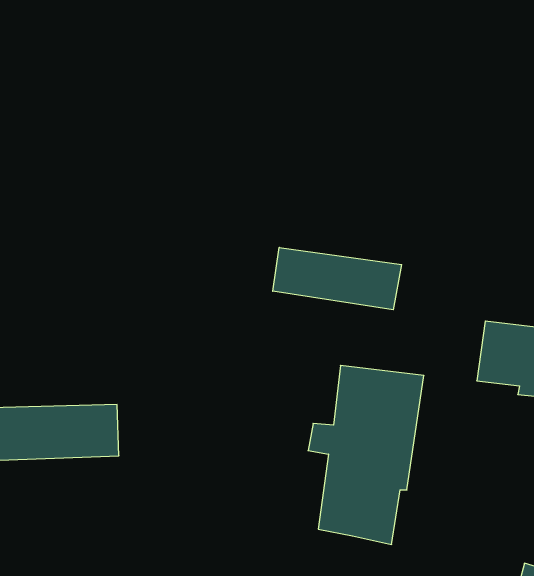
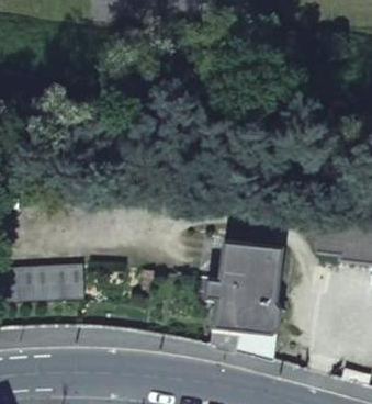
building: [273,247,402,310] -> none

